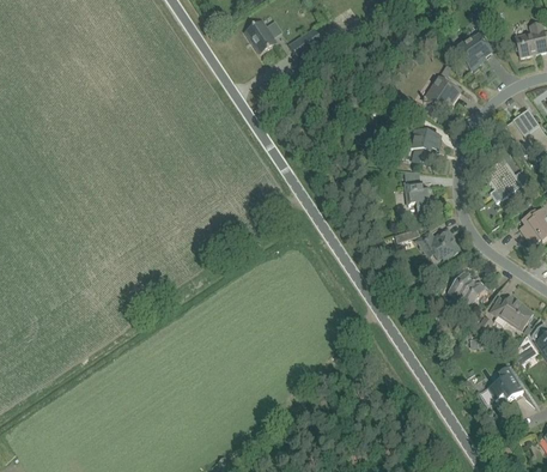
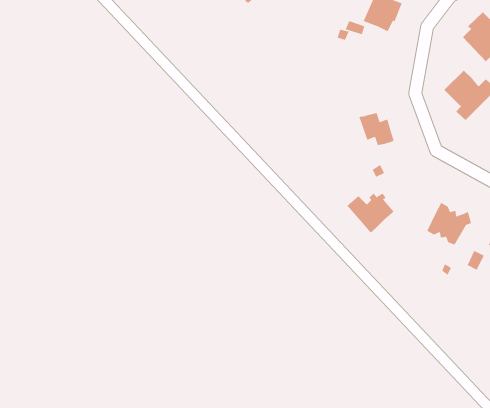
building: [409,129,440,162] -> none
building: [417,231,457,266] -> [347,193,394,233]

